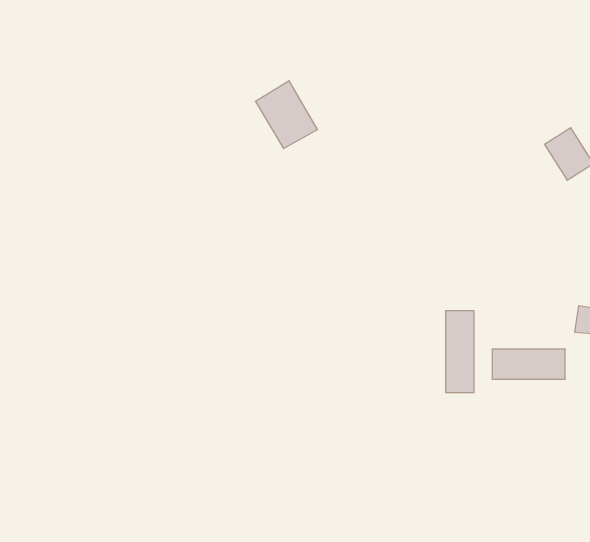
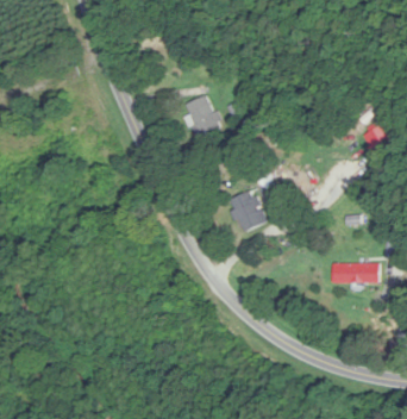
building: none -> [226,188,267,232]
building: [446,311,474,393] -> none

